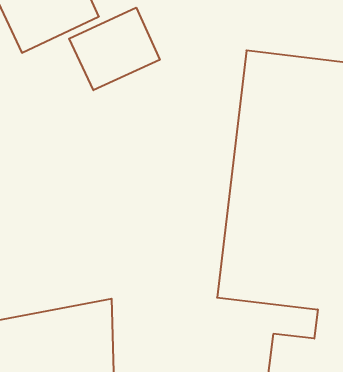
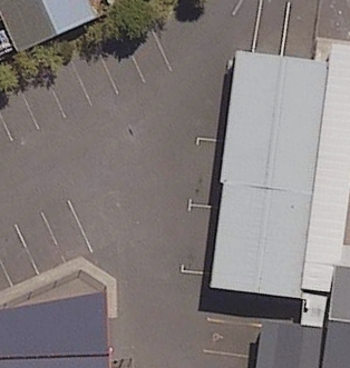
building: [69,8,160,90] -> none

